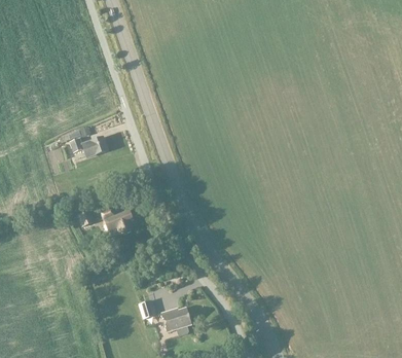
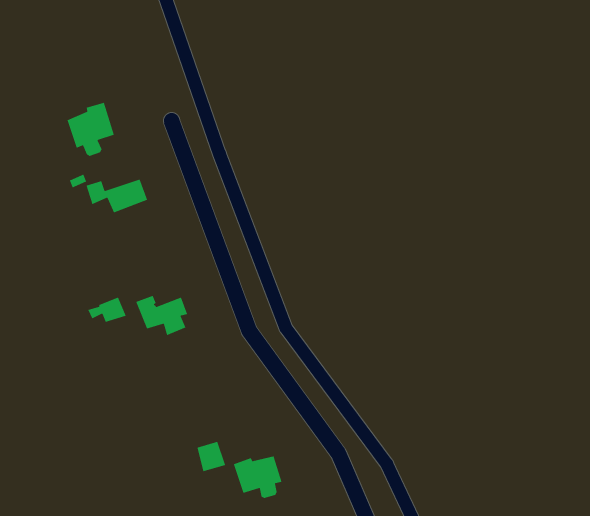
building: none -> [66,102,115,157]

